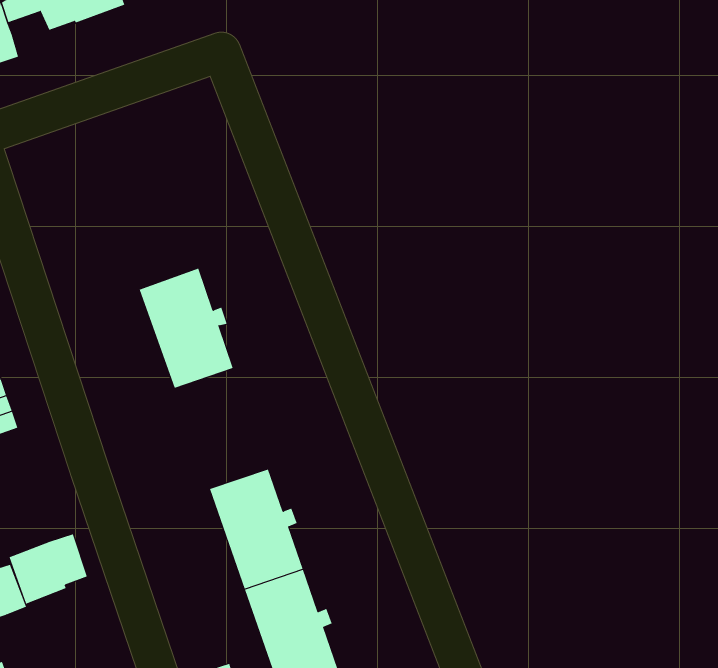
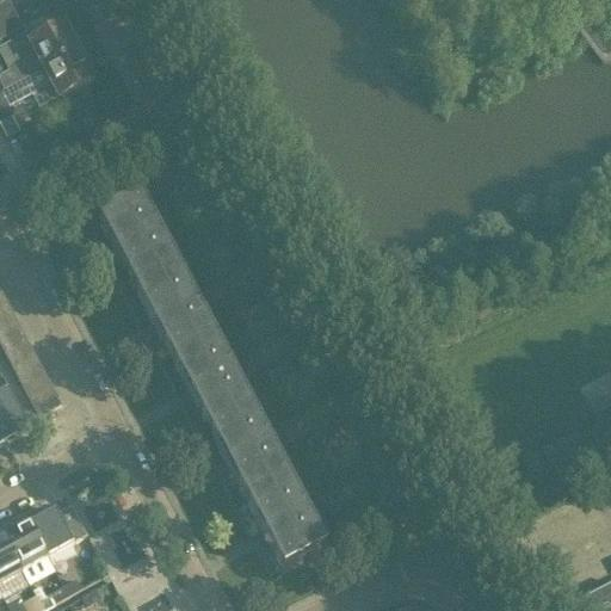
building: none -> [103,189,181,282]
building: none -> [177,329,255,421]
building: [9,534,87,604] -> none

